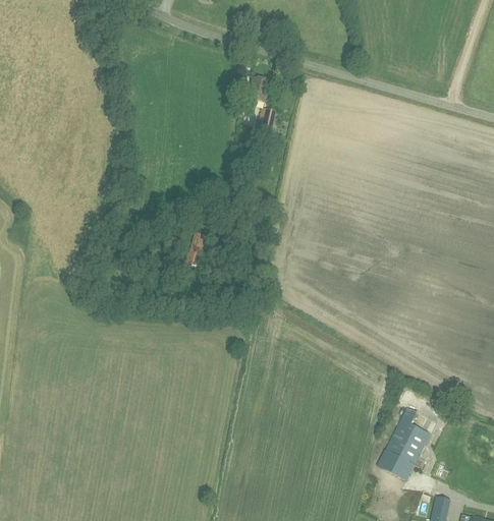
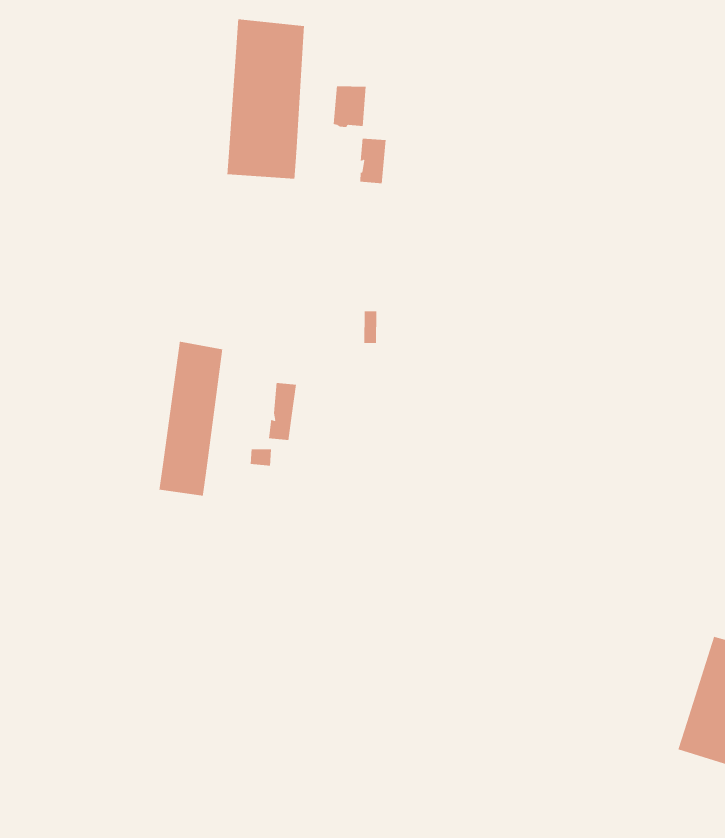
building: none -> [227,19,305,180]
building: none -> [159,341,223,496]

